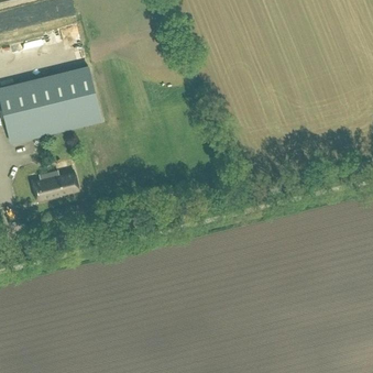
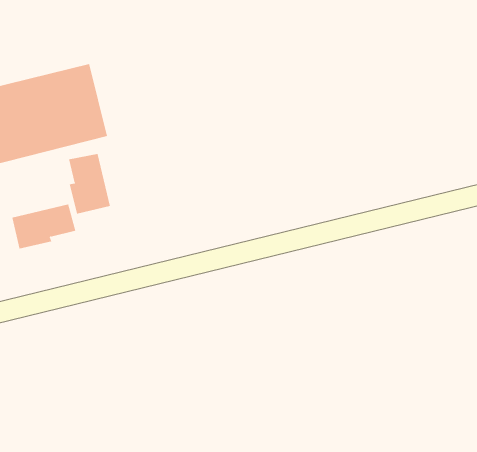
building: none -> [69,153,111,214]

